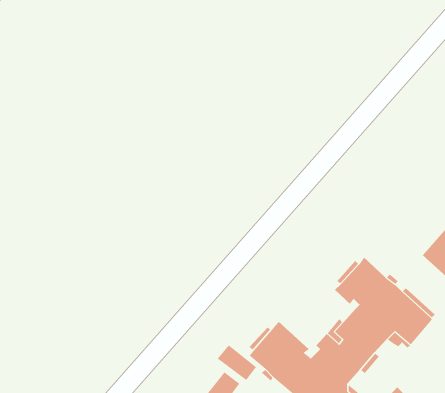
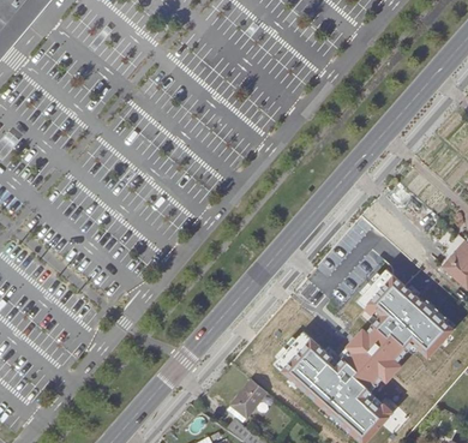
building: [217,345,257,381] -> none

